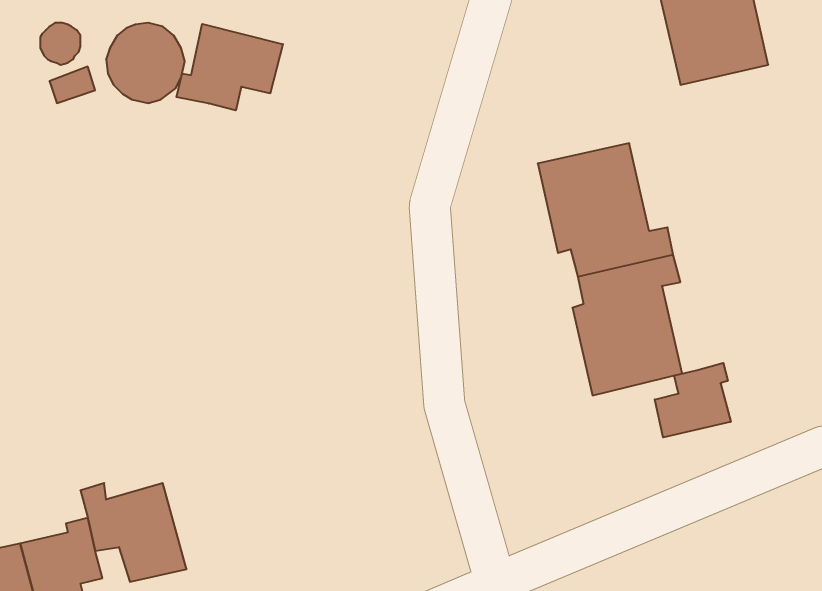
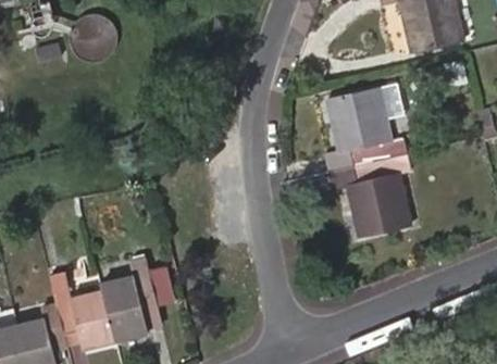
building: [176,24,283,110] -> none
building: [655,363,731,437] -> none
building: none -> [100,268,157,340]

